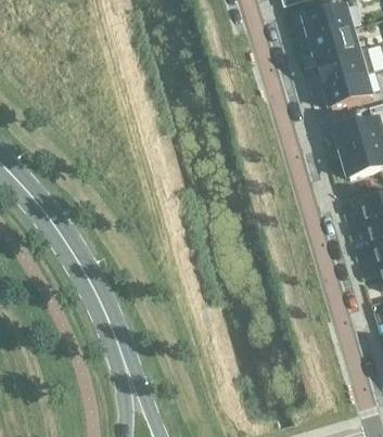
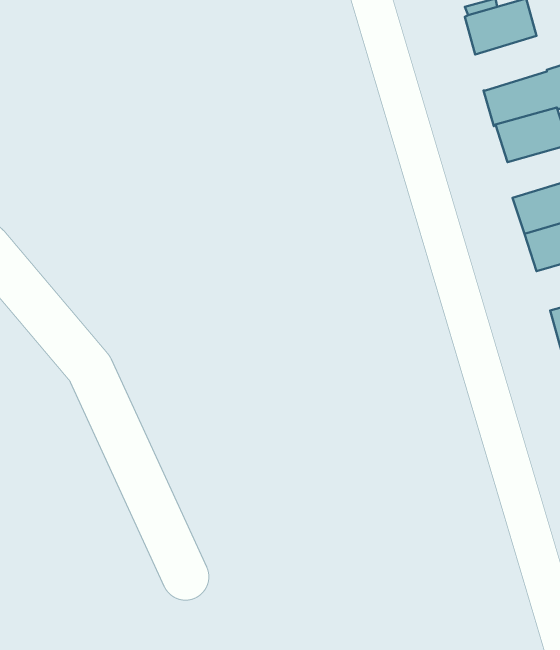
building: [311,26,357,61] -> none

